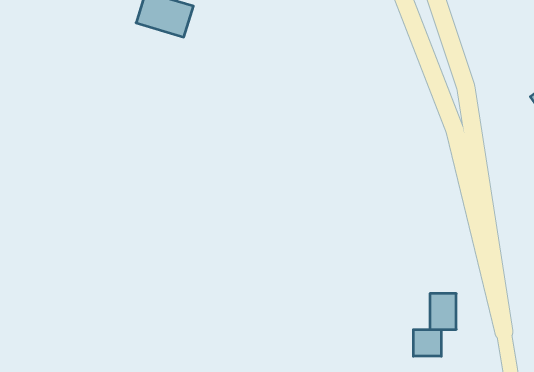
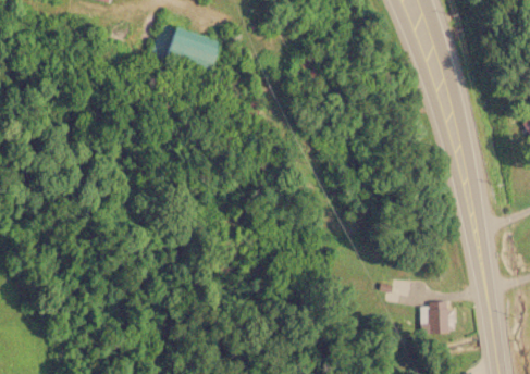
building: [413,330,441,356] -> none

